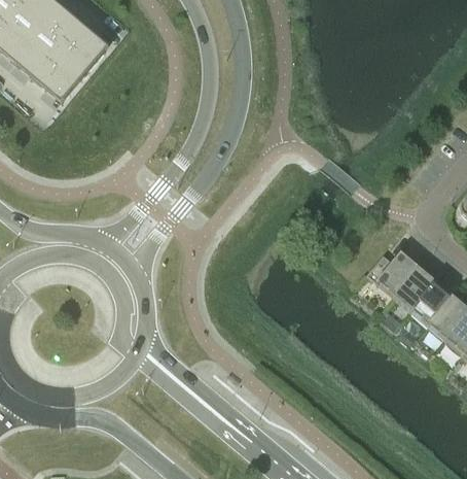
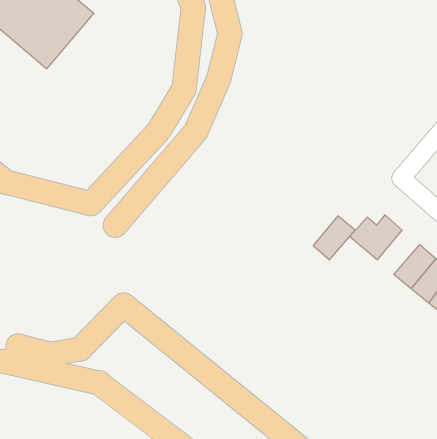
building: [395,266,437,310] -> [313,216,355,260]

